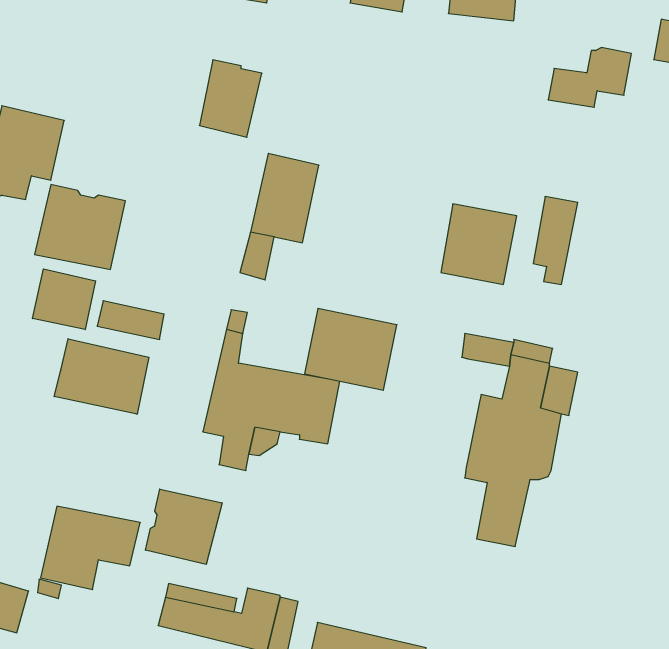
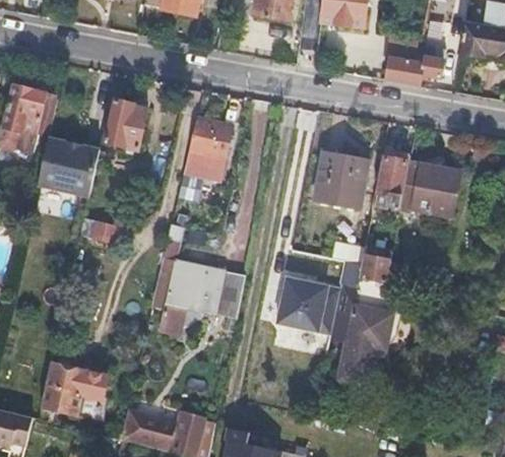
building: [199,60,262,137] -> [105,99,147,151]
building: none -> [399,160,457,215]
building: [33,269,96,330] -> none
building: [305,308,397,390] -> [277,276,340,332]
building: [54,339,149,414] -> none
building: [146,489,222,564] -> none

